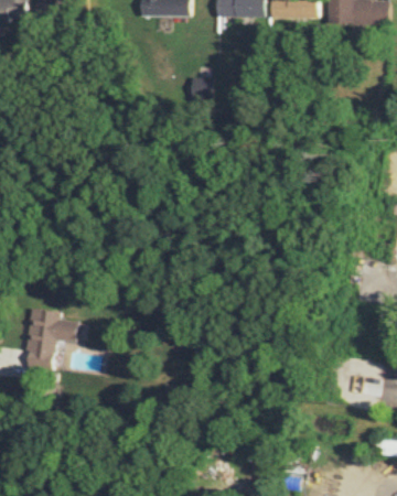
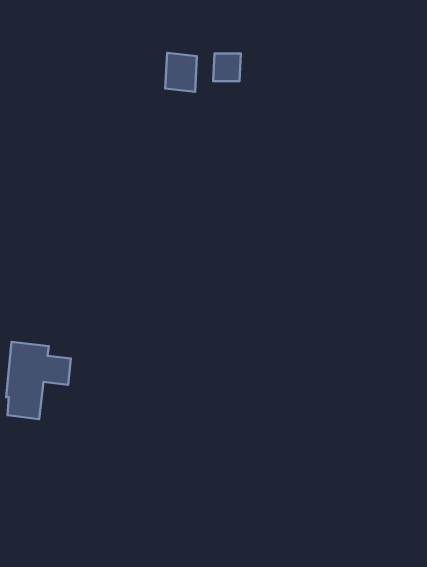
building: none -> [165,53,197,92]

